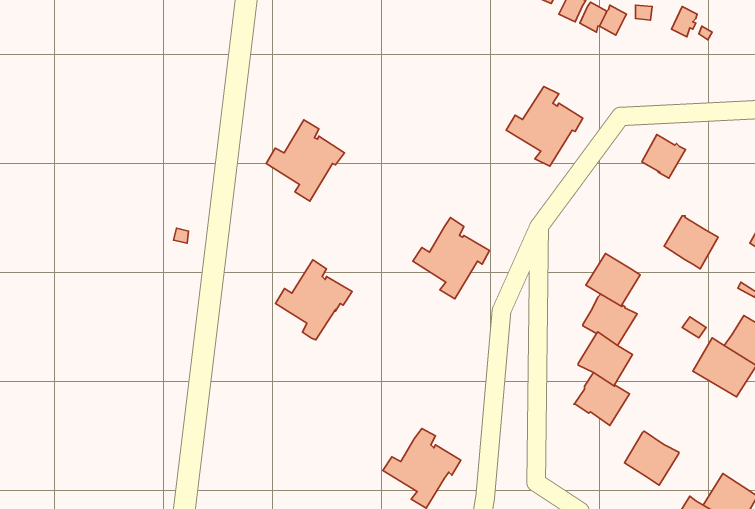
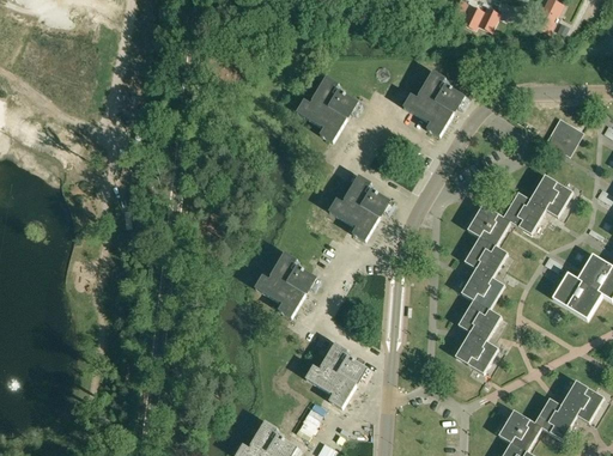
building: [266,120,345,201] -> [297,77,359,141]
building: [642,135,685,178] -> [547,120,582,154]
building: none -> [503,191,546,235]
building: [275,260,352,340] -> [256,254,317,317]
building: [625,431,679,485] -> [455,330,498,373]

